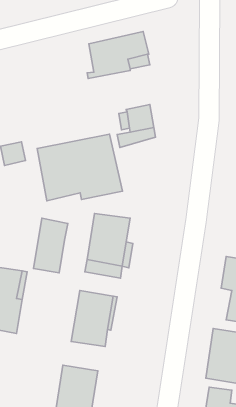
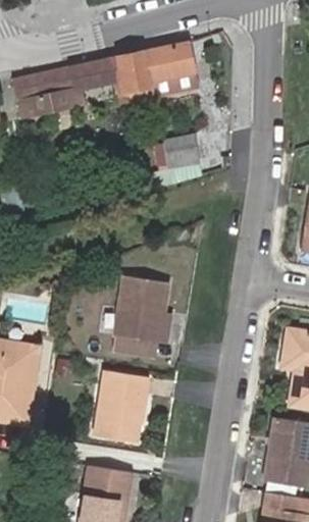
building: none -> [14,58,123,117]
building: [37,134,123,201] -> none
building: [34,218,68,273] -> none

